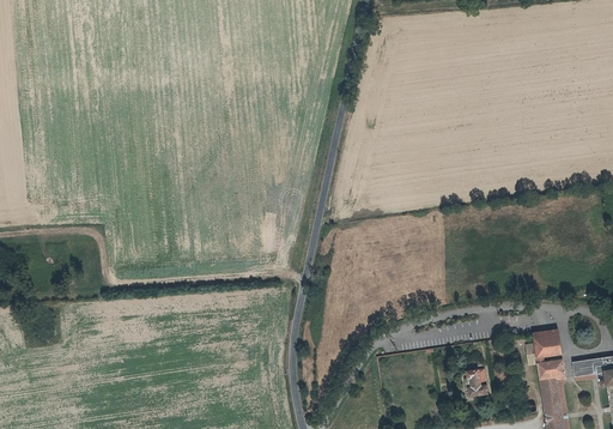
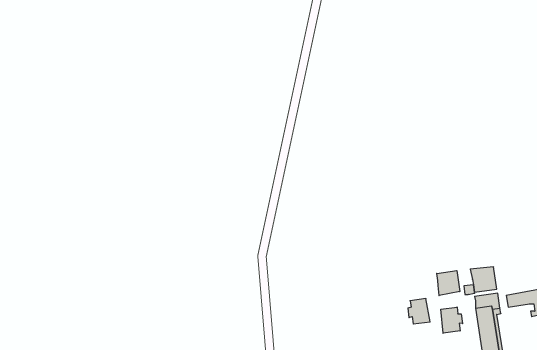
building: none -> [437,271,460,296]
building: none -> [441,307,463,333]

